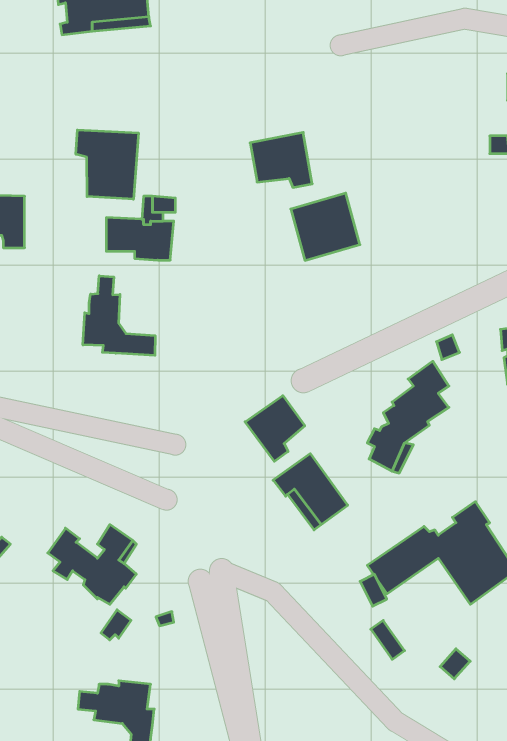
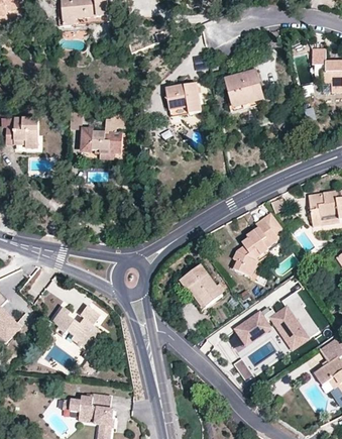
building: [76,130,138,199] -> none
building: [291,193,360,260] -> [225,69,264,107]
building: [83,276,155,355] -> none
building: [245,396,305,461] -> none

